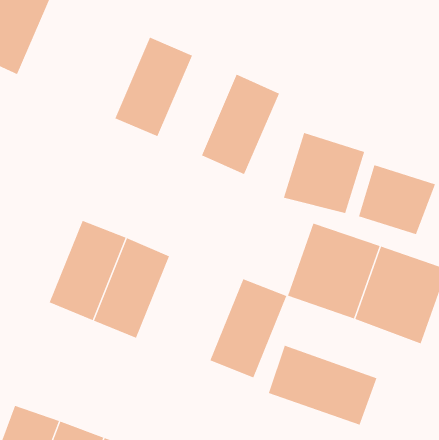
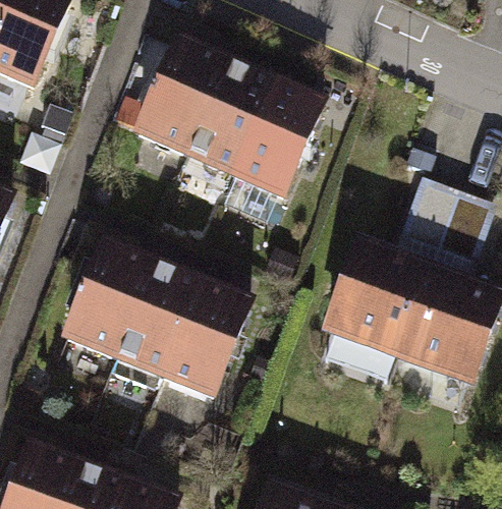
building: none -> [182,64,269,174]
building: [283,132,365,214] -> none
building: [210,278,287,378] -> [159,285,244,395]
building: [268,345,377,426] -> none

